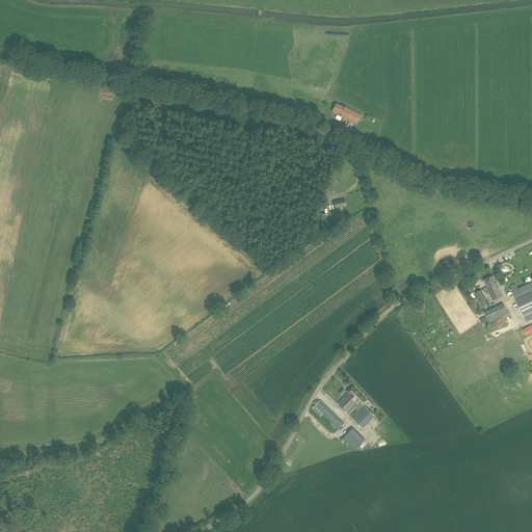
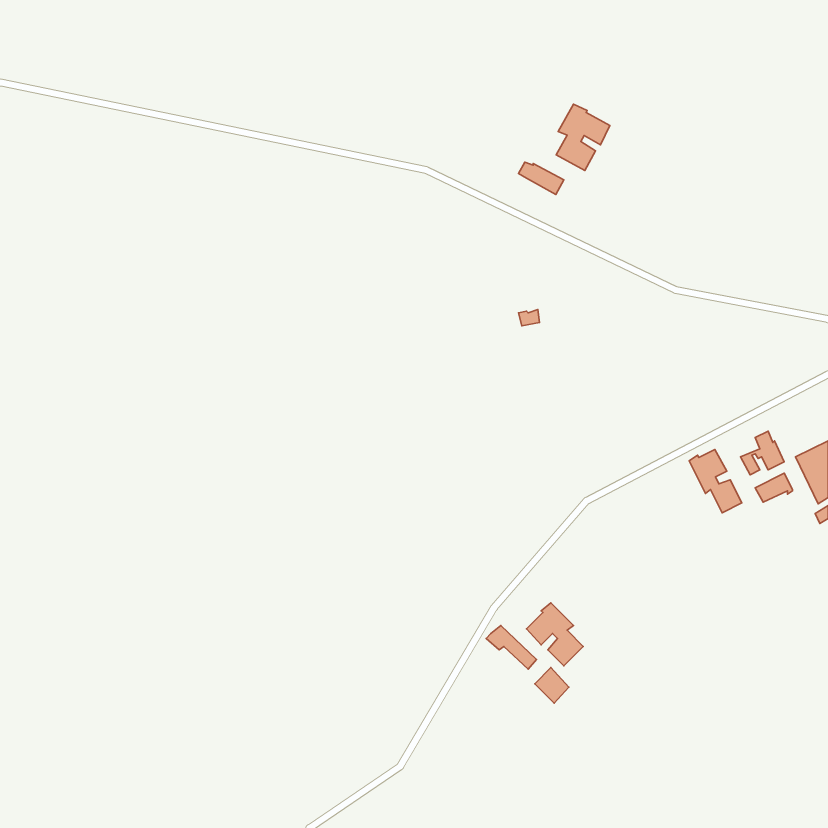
building: none -> [556,104,610,171]
building: none -> [689,449,742,513]

